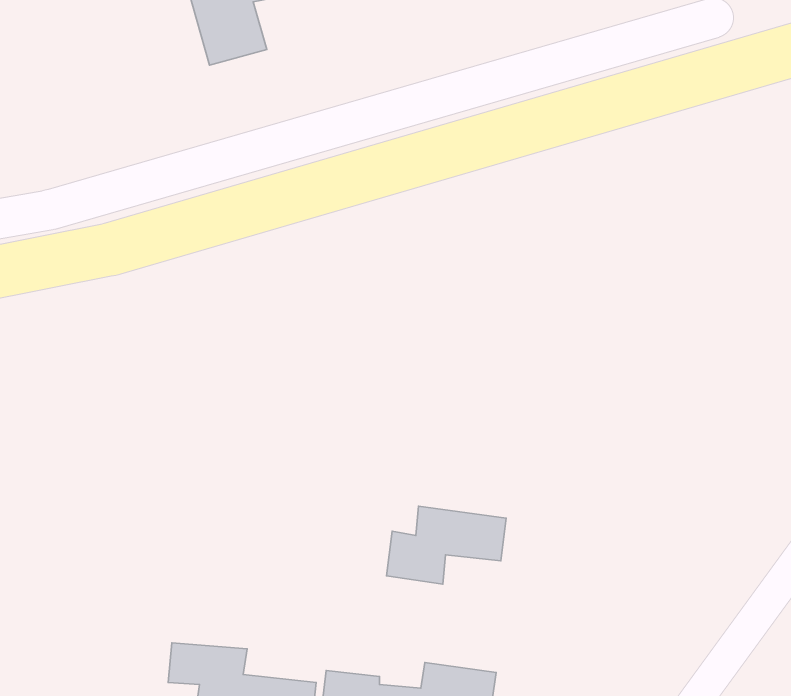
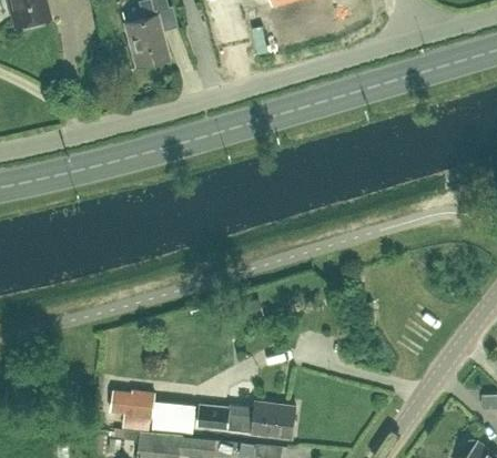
building: [386,506,506,584] -> none

